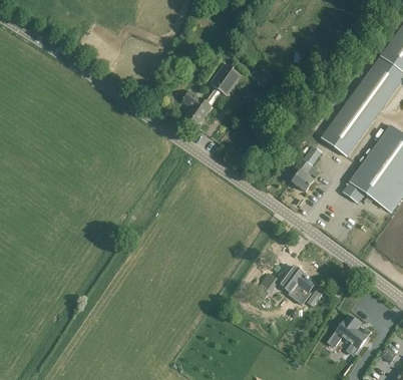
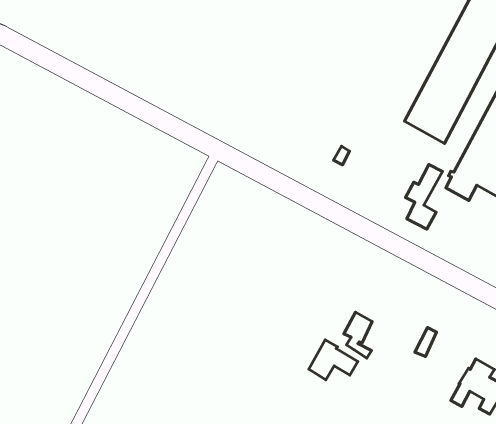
building: [181,62,241,126] -> none
building: [292,145,321,191] -> [406,165,442,229]
building: [279,265,314,293] -> [309,340,358,380]

